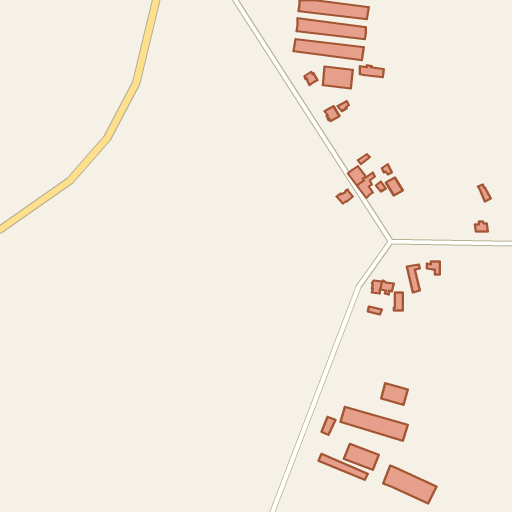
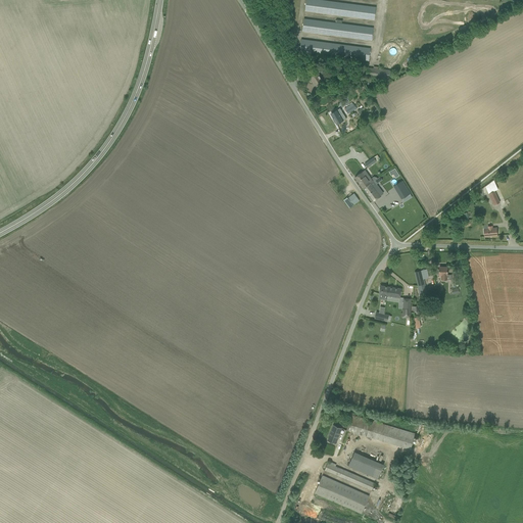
building: [323,67,353,88] -> none
building: [381,383,408,405] -> none
building: [383,465,436,503] -> [315,475,369,514]

